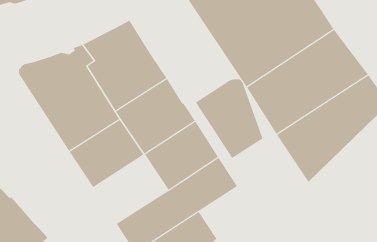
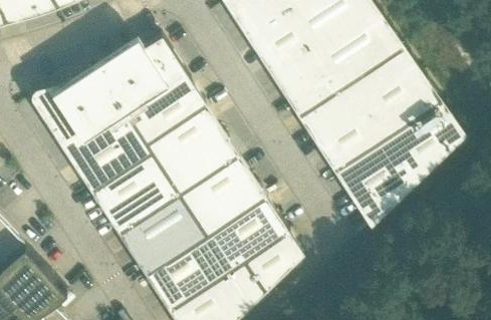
building: [195,78,263,159] -> none
building: none -> [116,190,205,271]
building: none -> [241,227,301,288]

